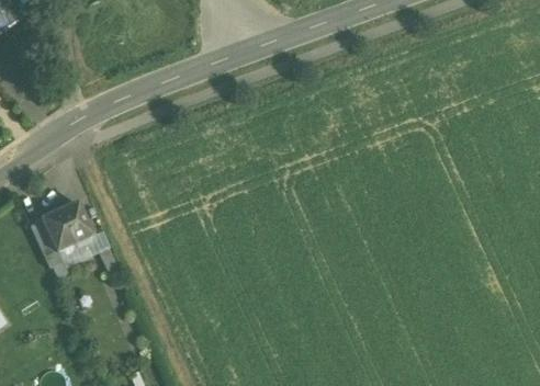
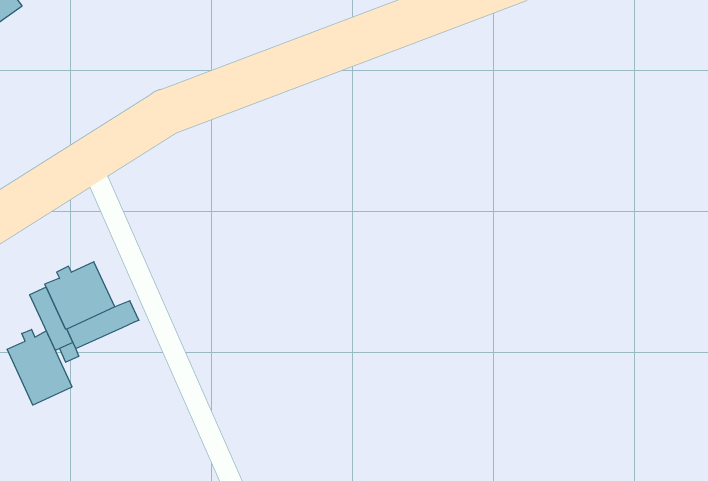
building: none -> [7,329,72,405]

